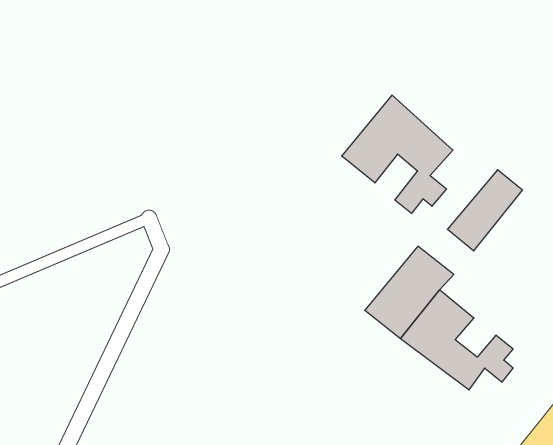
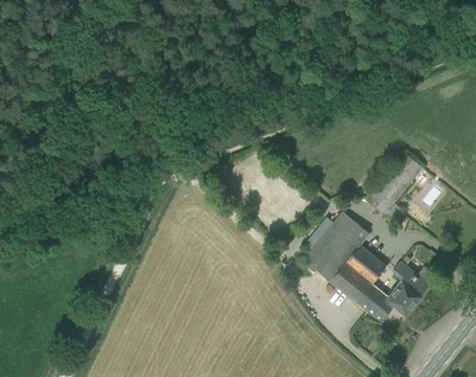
building: [342,95,453,213] -> none
building: none -> [392,255,429,305]

